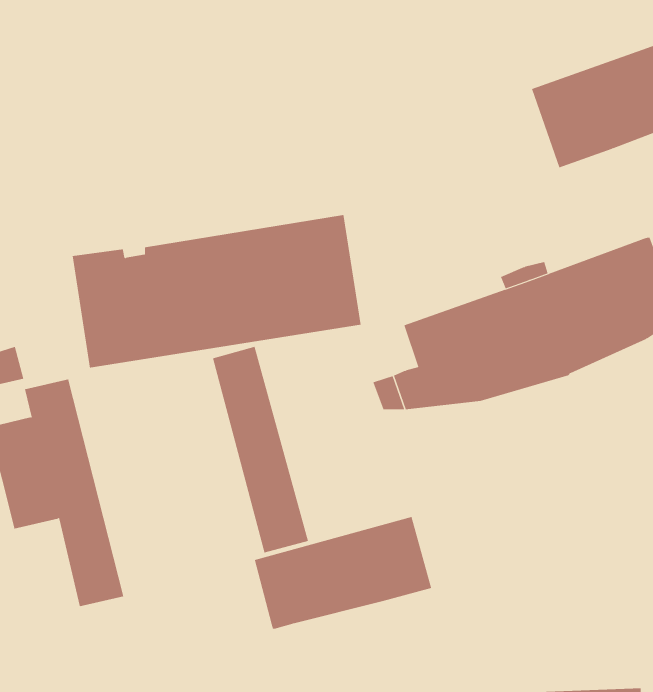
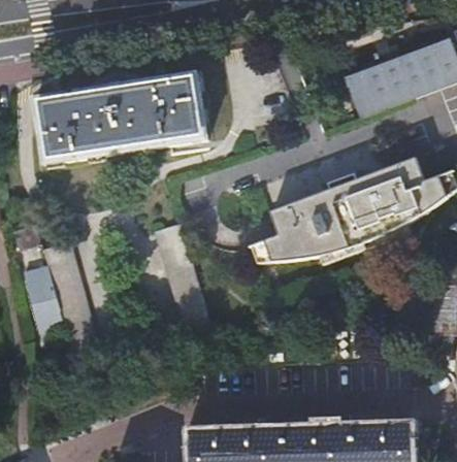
building: [72,214,362,368] -> [33,73,206,165]
building: [254,516,432,630] -> none

